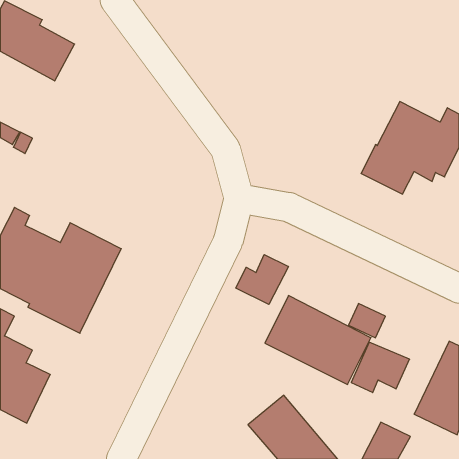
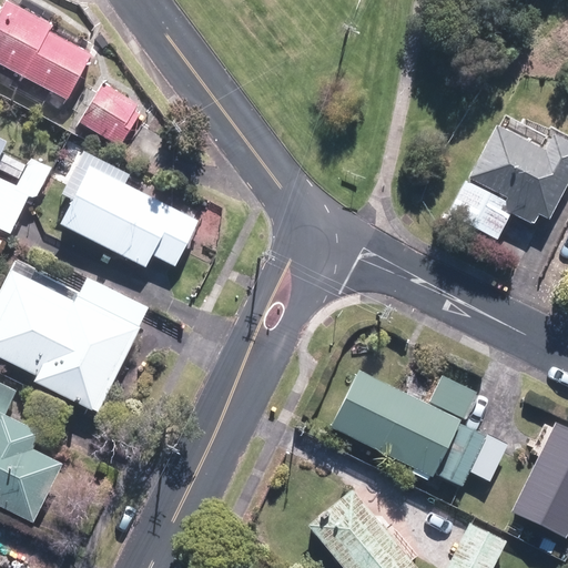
building: none -> [79,80,141,145]
building: none -> [61,152,195,266]
building: [236,255,288,304] -> none

